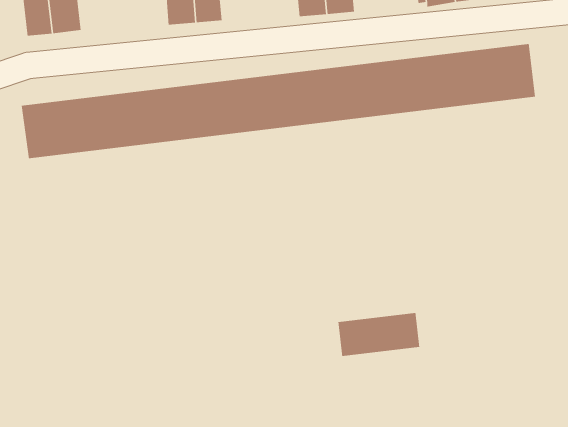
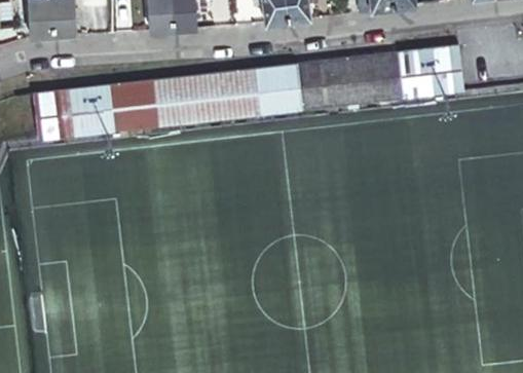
building: [338,312,420,357] -> none

